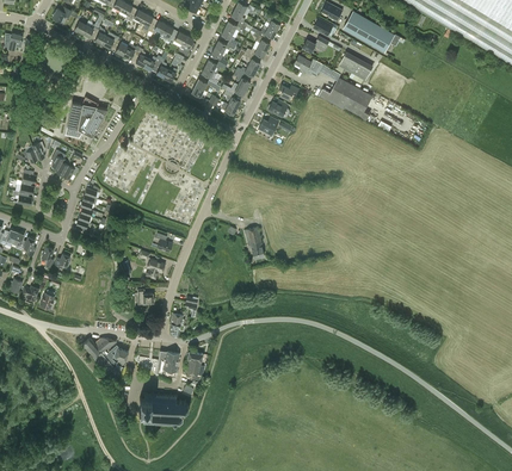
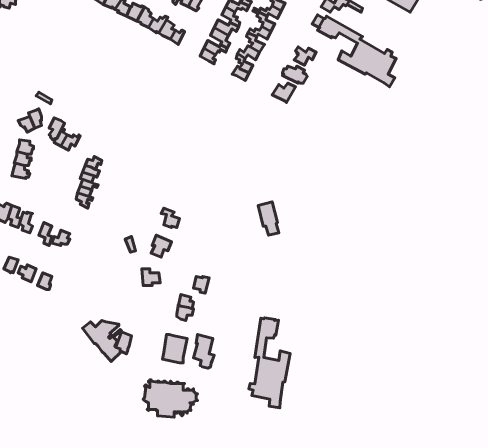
building: [339,50,374,80] -> none
building: [64,95,107,137] -> none
building: none -> [249,318,290,408]

